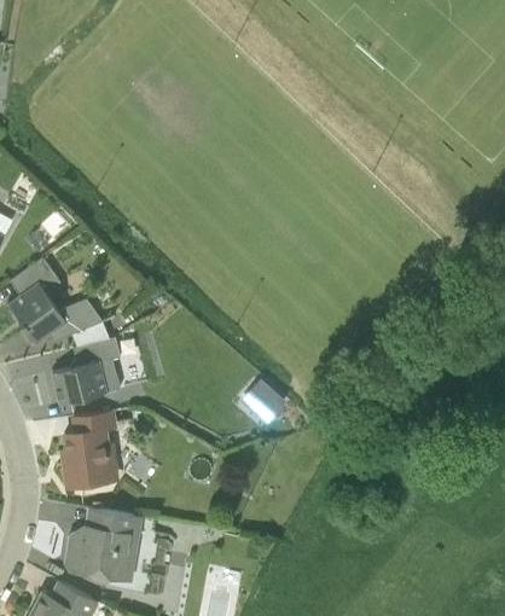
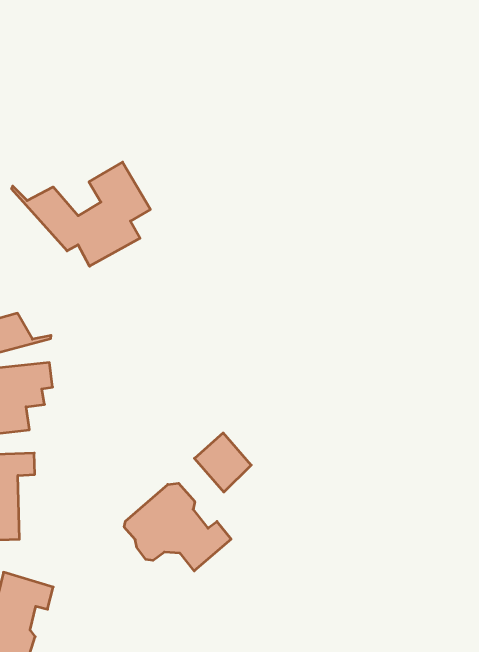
building: none -> [12,162,150,266]
building: none -> [124,483,231,571]

